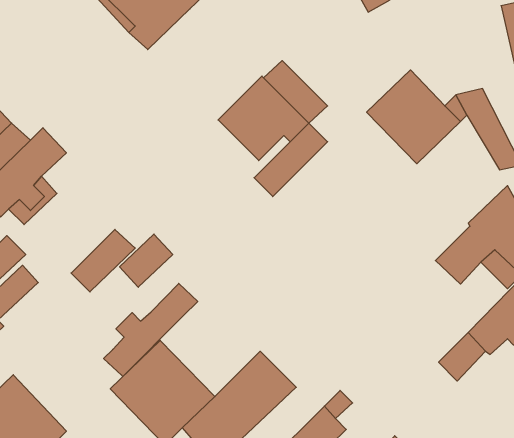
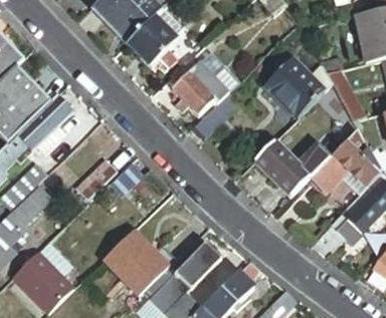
building: none -> [127,16,176,66]
building: none -> [255,141,330,197]
building: [104,283,198,376] -> none

